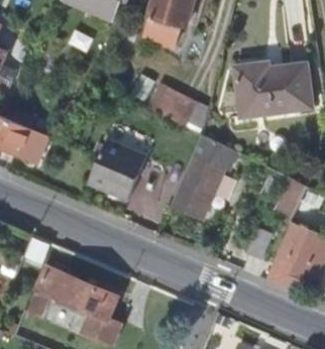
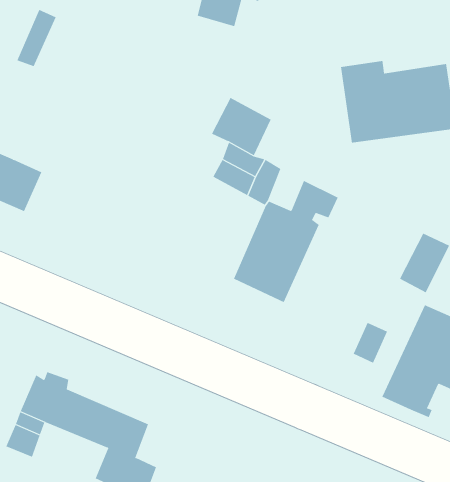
building: [88,140,144,198] -> none

